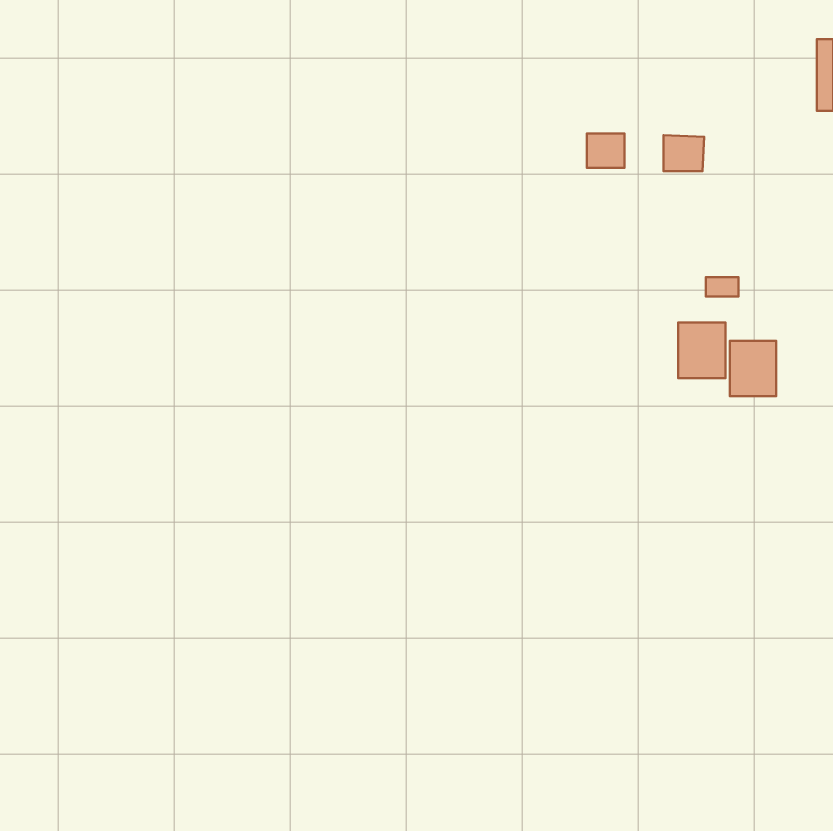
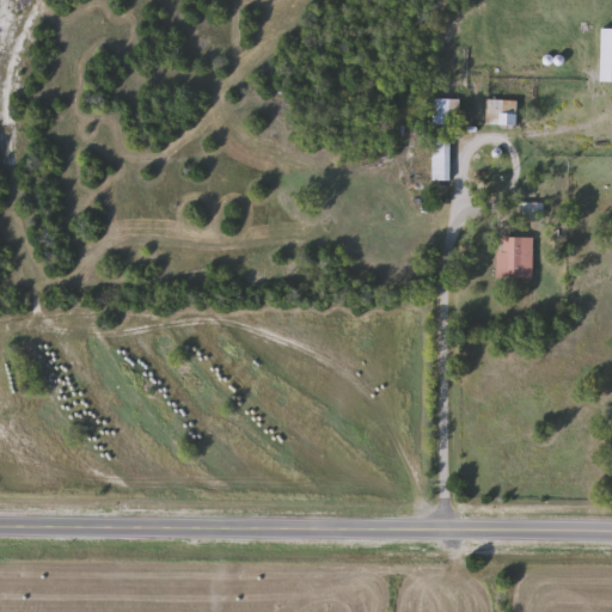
building: none -> [432,139,449,180]
building: [730,341,776,396] -> none

